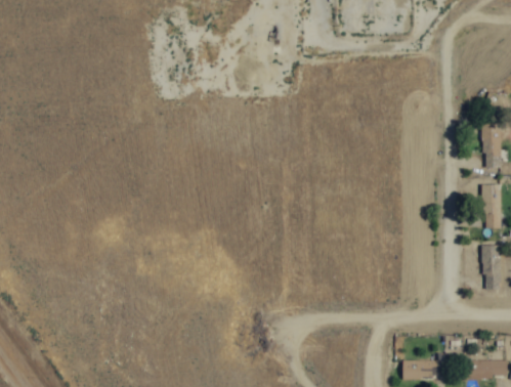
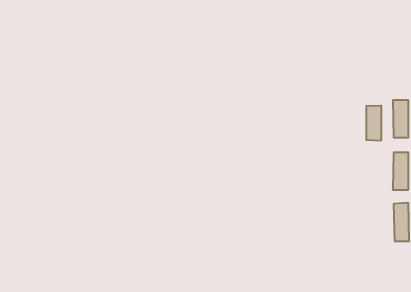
building: none -> [367,105,381,141]

